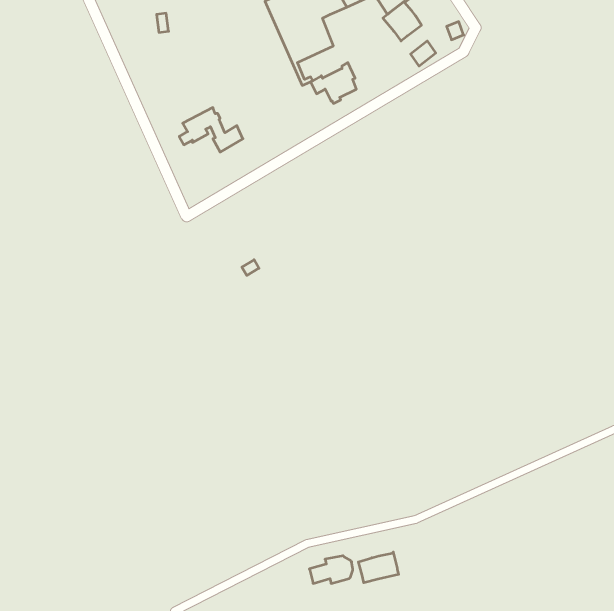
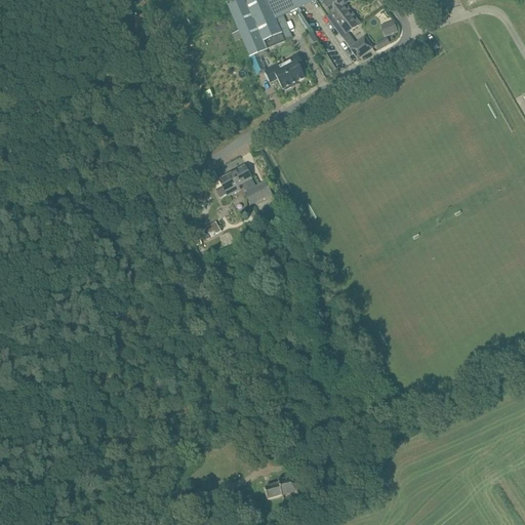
building: [179,108,243,152] -> [215,164,270,202]
building: [358,552,399,583] -> none

